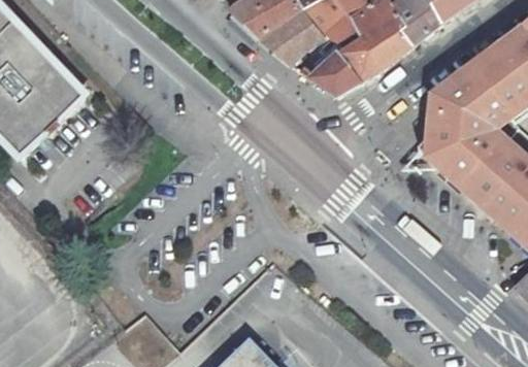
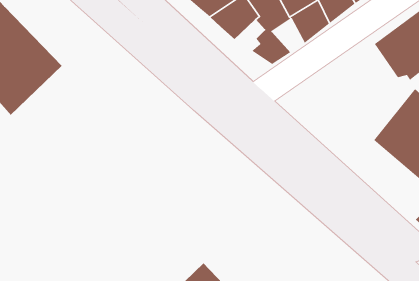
building: [338,39,378,80] -> none
building: [418,70,515,189] -> none

